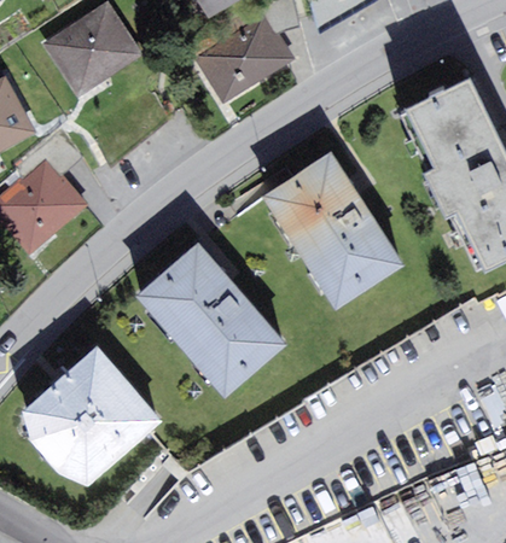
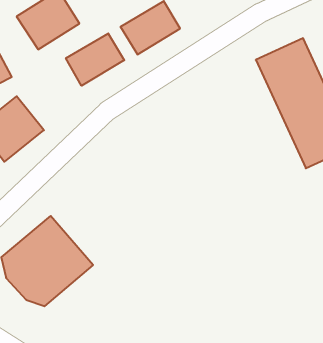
building: none -> [66,33,124,86]
building: [264,152,402,305] -> none
building: [135,243,286,399] -> none

